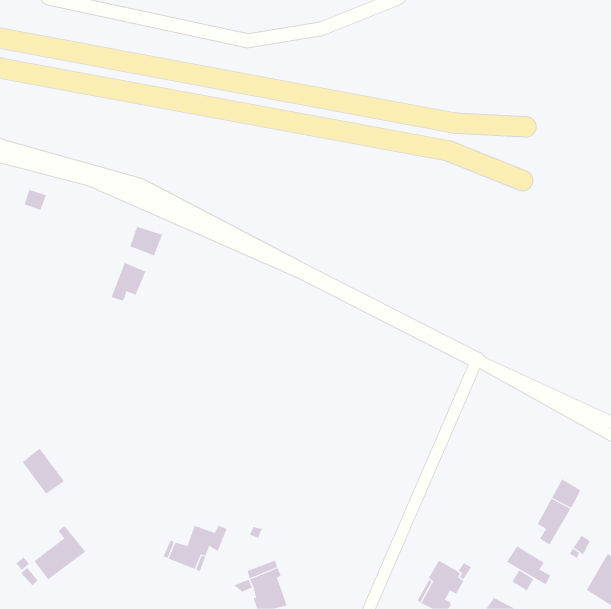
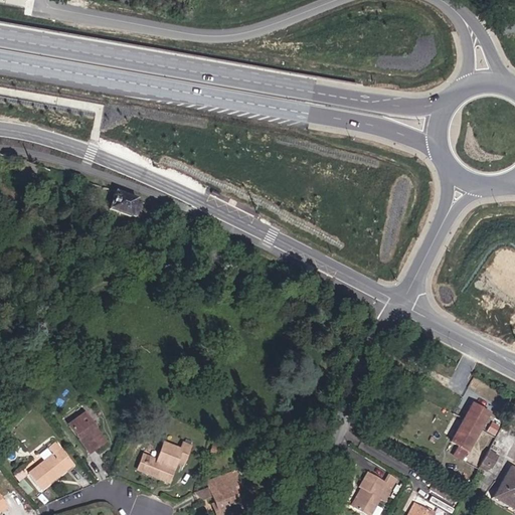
building: [111,262,146,302] -> none
building: [22,448,65,494] -> [69,411,106,451]
building: [506,545,551,585] -> none

